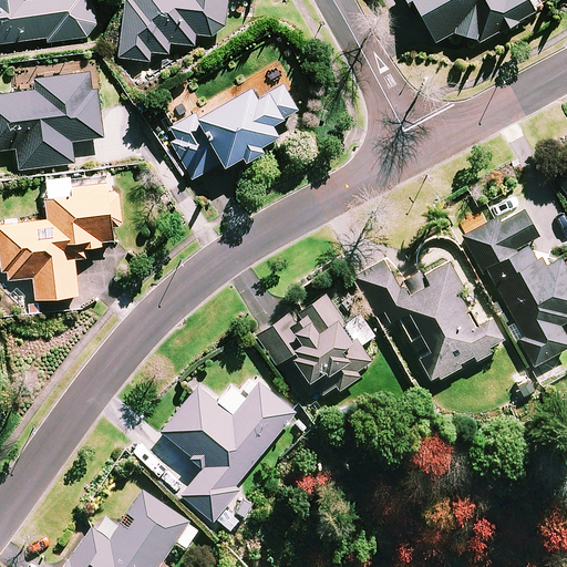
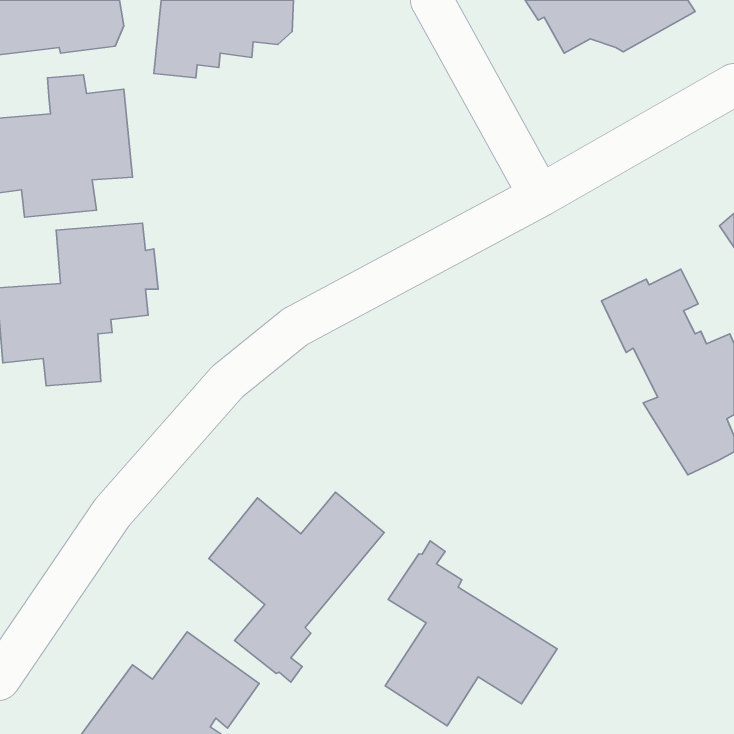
building: [164,83,298,179] -> none
building: [354,258,505,381] -> none
building: [262,292,375,399] -> none
building: none -> [385,541,557,726]

